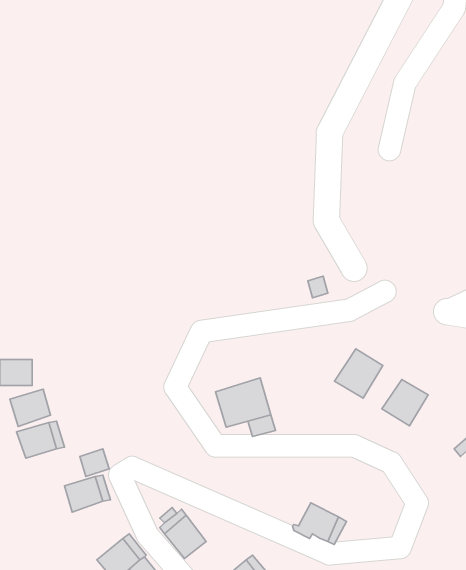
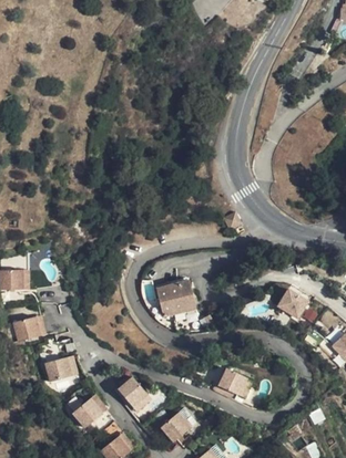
building: [334,349,383,398] -> none
building: [10,389,51,427] -> none

